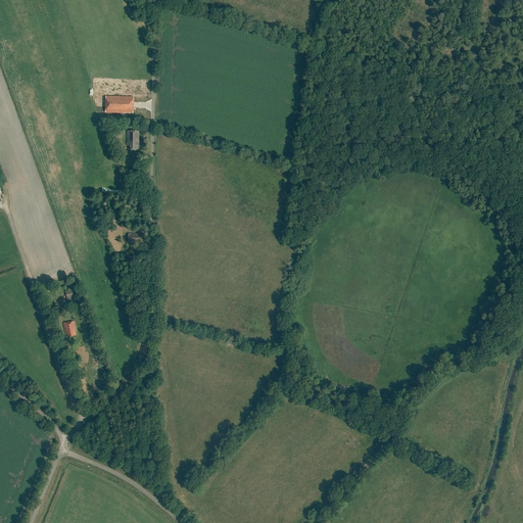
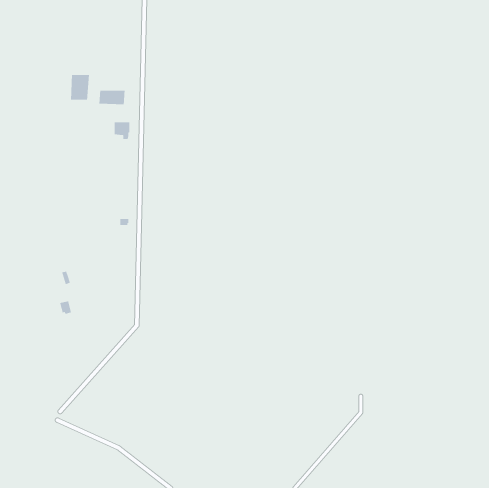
building: none -> [70,74,90,101]

